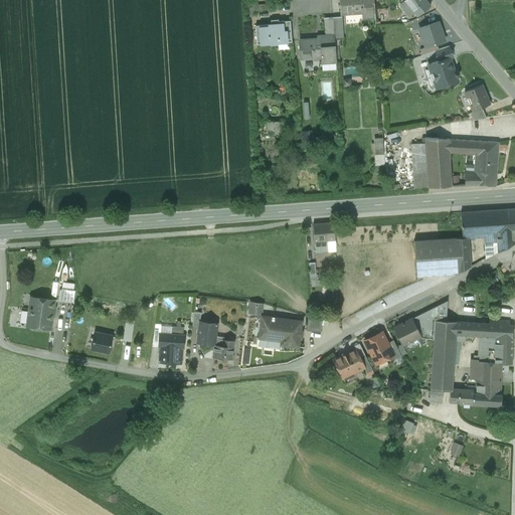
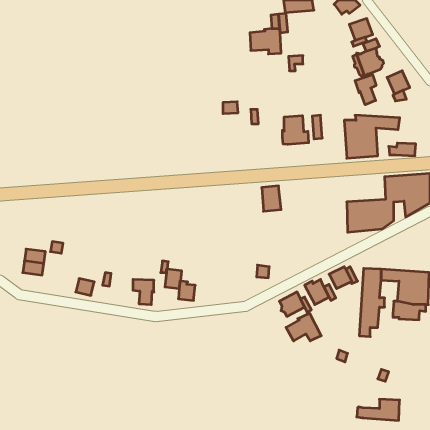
building: [254,19,292,45] -> none
building: none -> [355,74,376,105]
building: none -> [282,116,309,144]
building: [475,141,499,172] -> none
building: [259,316,302,347] -> none
building: none -> [286,313,321,341]
building: [450,381,501,406] -> [357,399,400,420]

